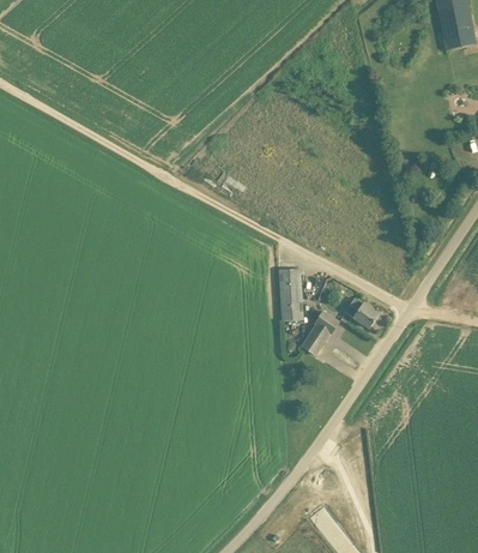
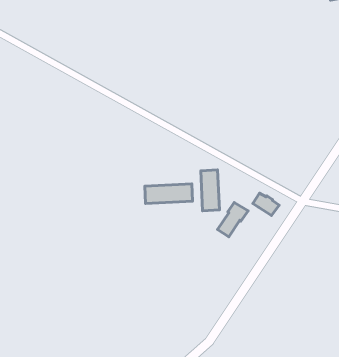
building: none -> [145,184,192,203]

